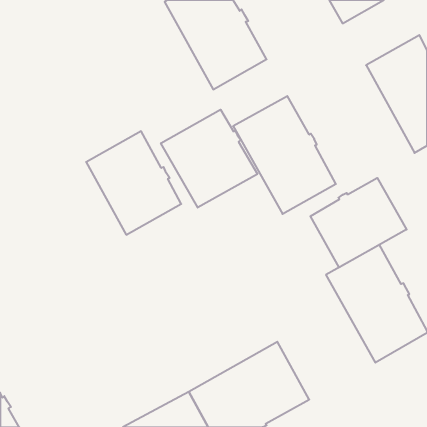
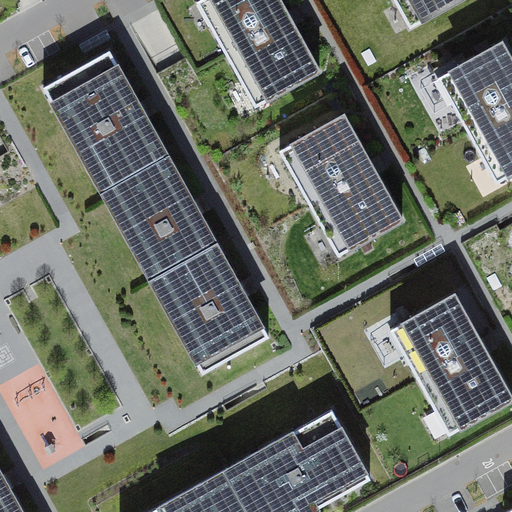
building: none -> [43,51,169,194]
building: [161,110,257,208] -> none
building: [310,178,407,267] -> none
building: none -> [151,244,268,373]

